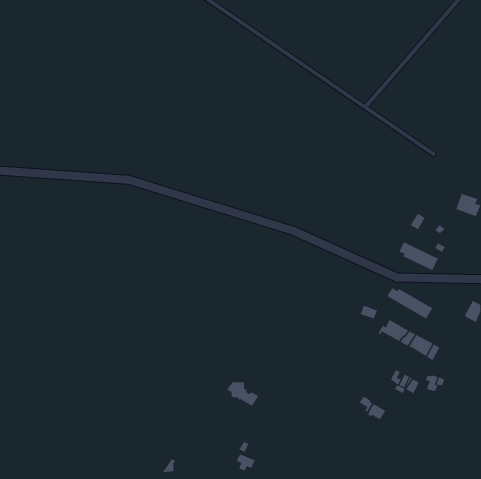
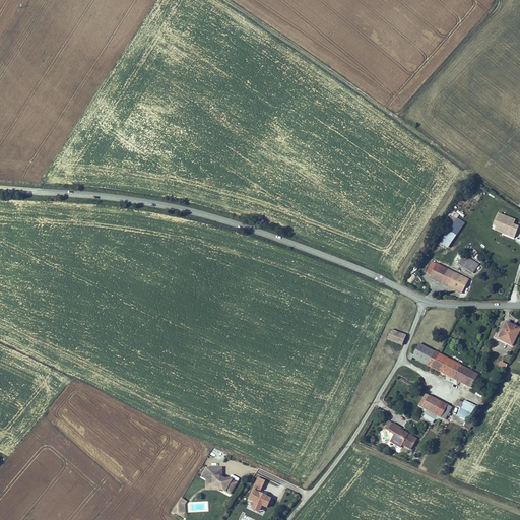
building: [386,287,433,319] -> none
building: [226,382,259,407] -> [204,462,240,489]

